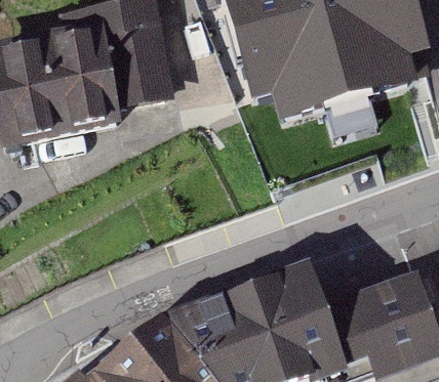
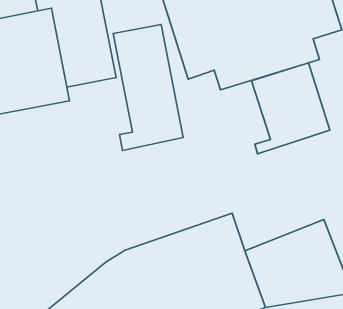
building: none -> [113,24,183,150]
building: none -> [251,63,330,154]

